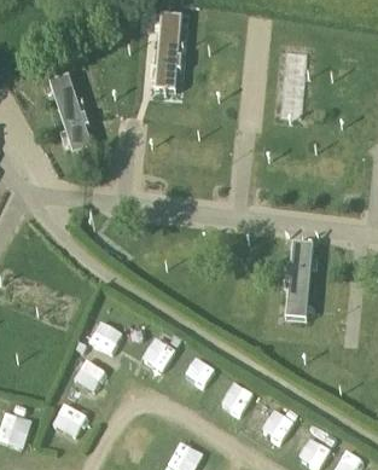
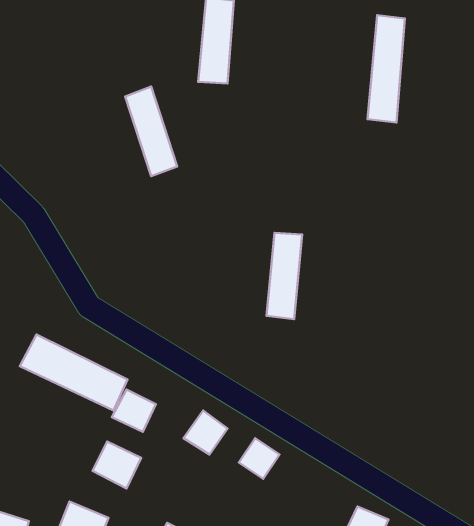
building: [54,91,93,157] -> [125,87,177,176]
building: [289,242,315,306] -> [267,233,302,319]
building: none -> [20,334,127,411]

